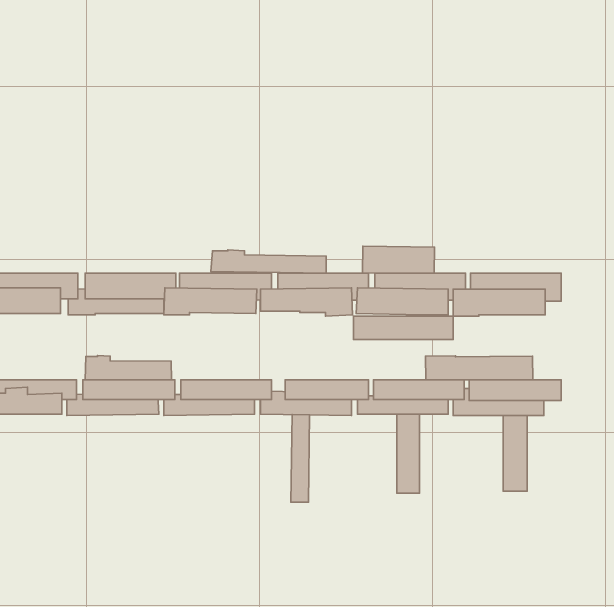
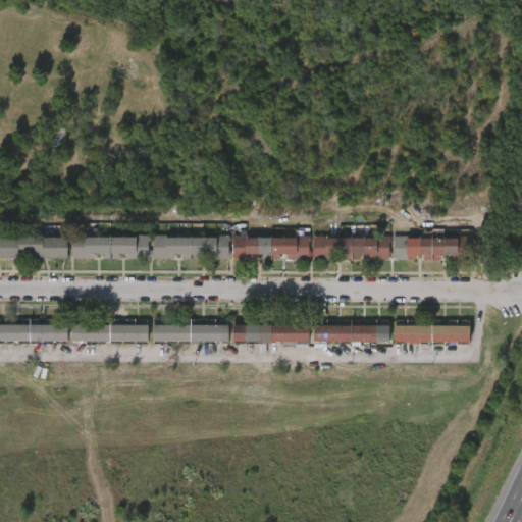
building: [362,246,435,273] -> none
building: [211,250,326,273] -> none
building: [354,316,453,339] -> none
building: [85,355,172,380] -> none
building: [426,356,533,380] -> none
building: [397,414,419,493] -> none
building: [291,415,310,502] -> none
building: [503,415,527,491] -> none

